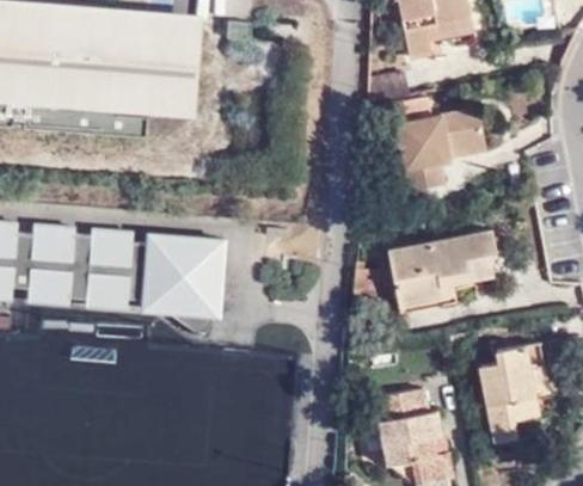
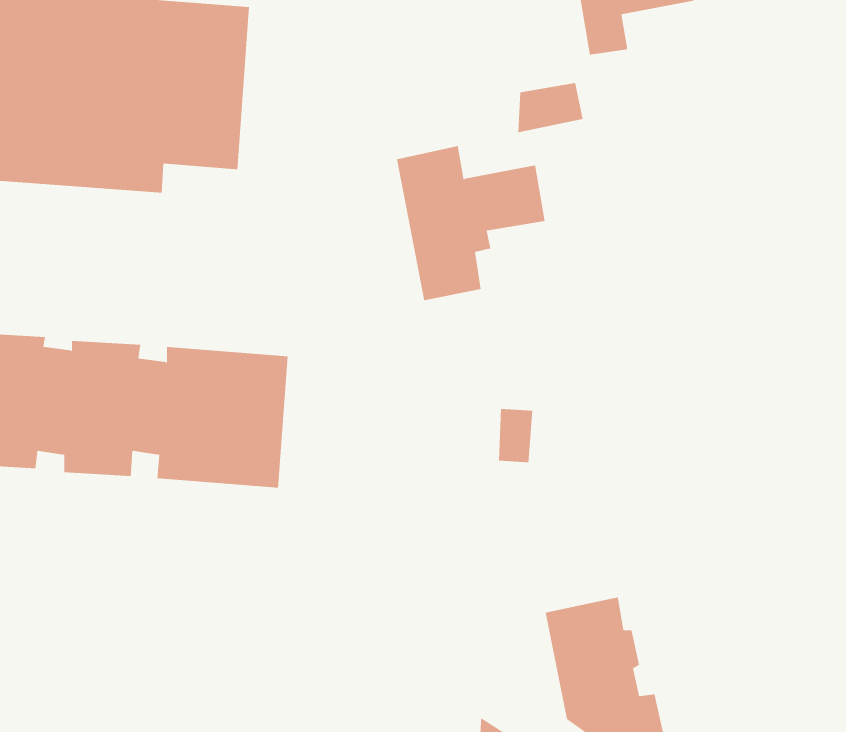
building: [393,91,485,186] -> [396,146,546,301]
building: [389,226,499,310] -> none
building: [480,342,550,442] -> none

